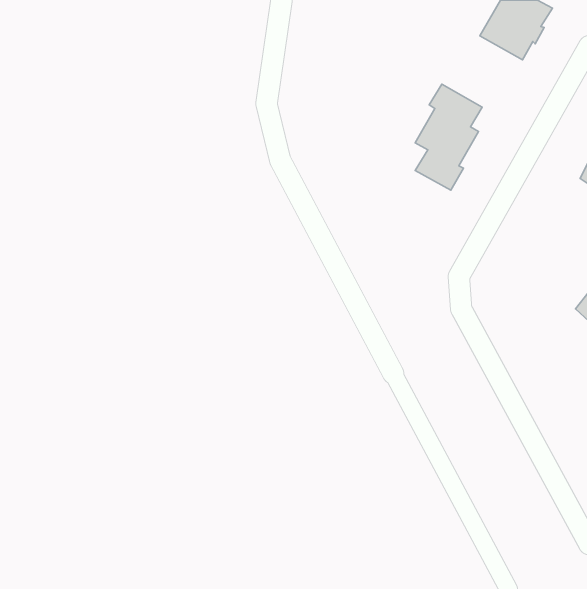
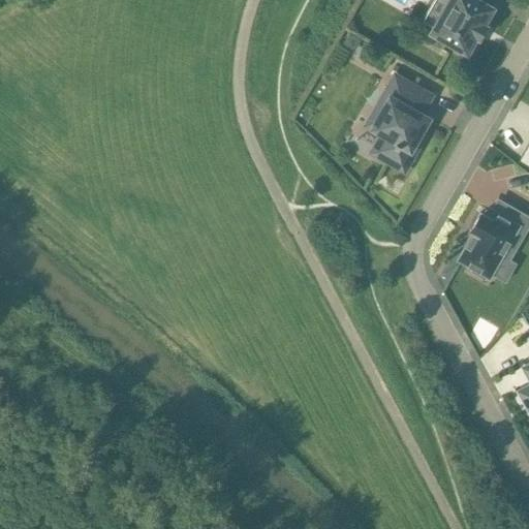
building: none -> [463,209,524,278]

